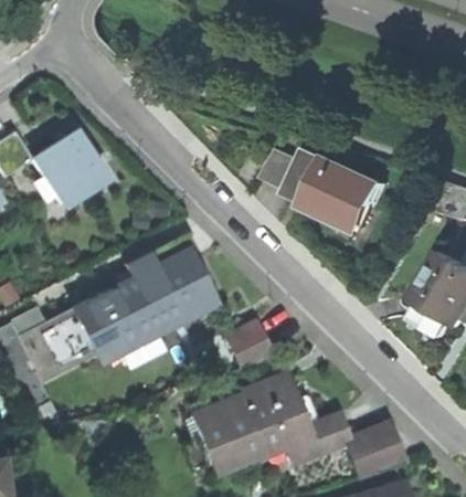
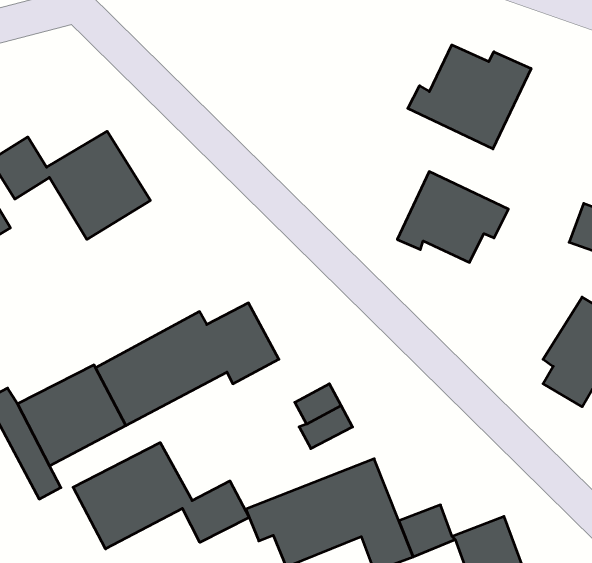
building: none -> [408,45,531,149]
building: [263,151,310,195] -> none
building: none -> [73,443,249,549]

